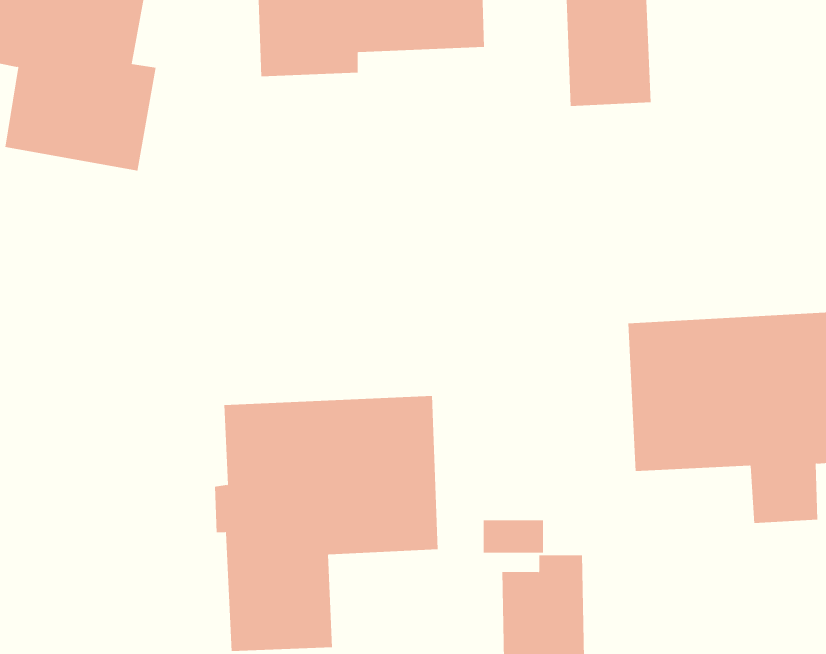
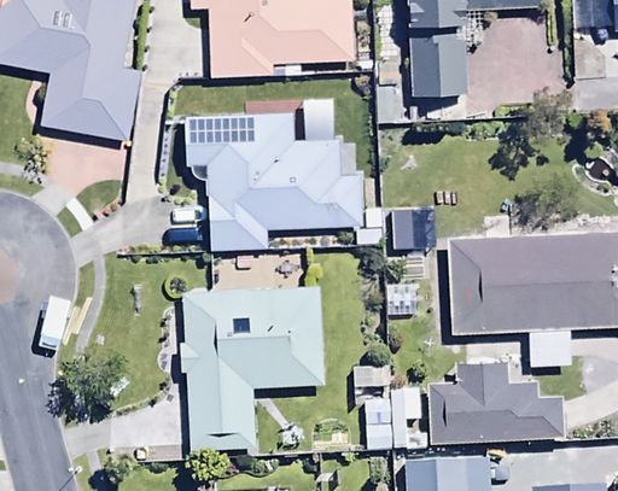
building: none -> [185,113,363,250]
building: none -> [426,380,538,445]

